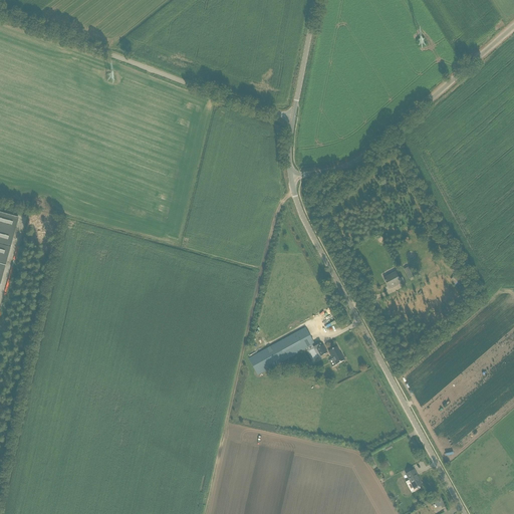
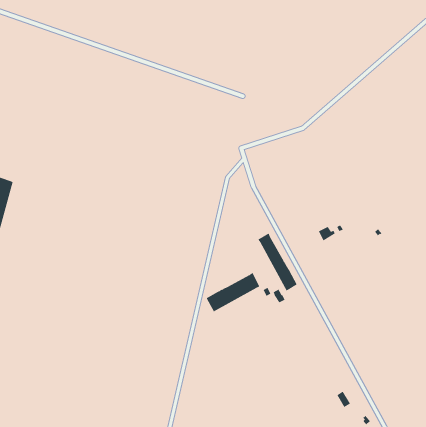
building: none -> [258,233,298,291]

